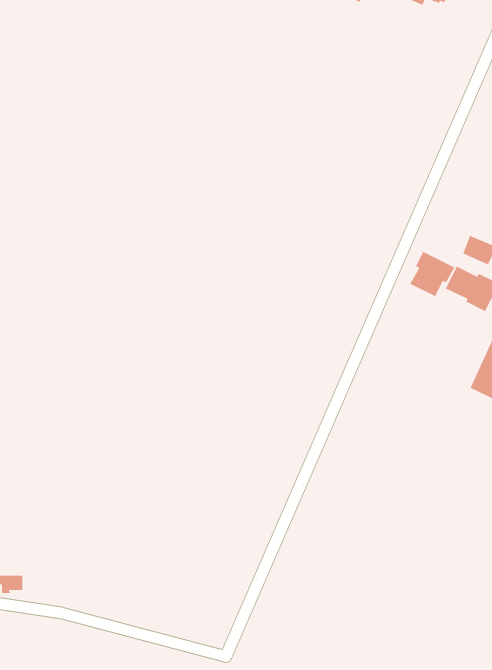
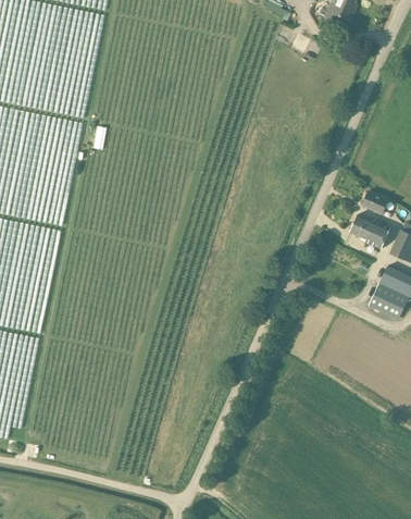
building: [409,251,455,297] -> none

